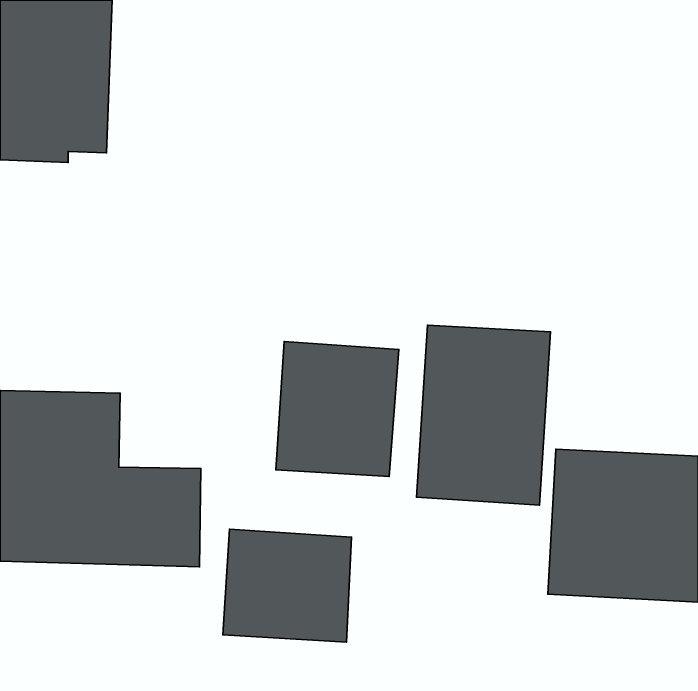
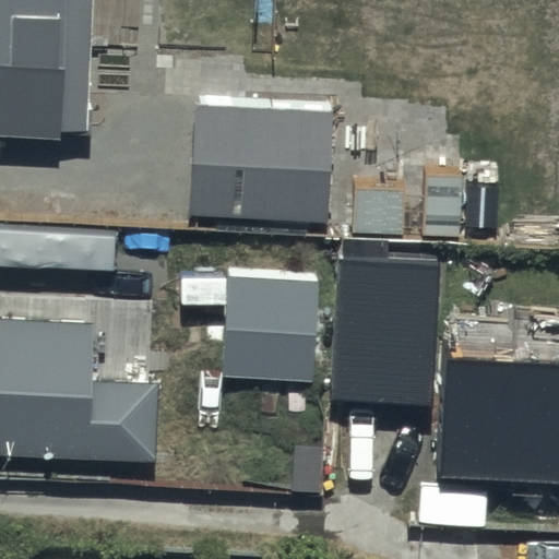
building: none -> [185,103,337,221]
building: [223,529,352,642] -> none

